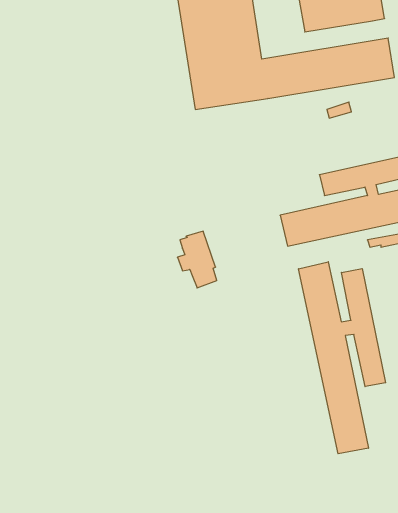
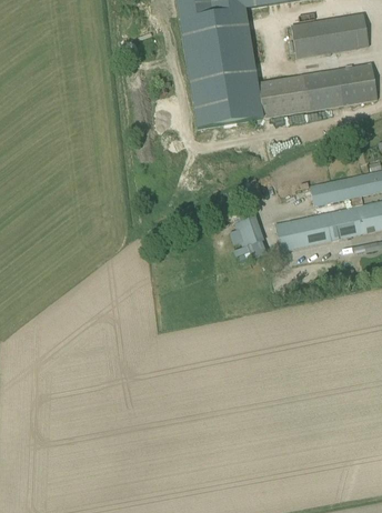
building: [177,231,217,288] -> [230,208,265,259]
building: [299,262,386,454] -> none

